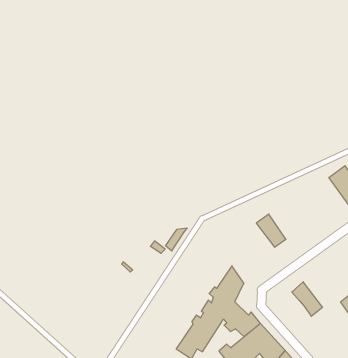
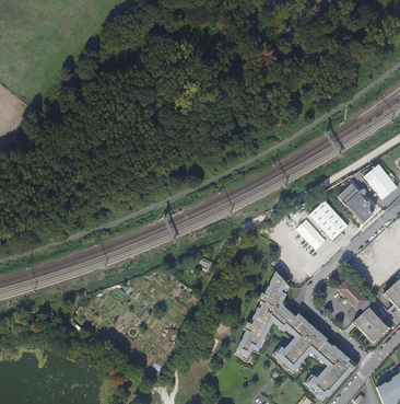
building: none -> [336,182,373,223]
building: none -> [308,199,346,240]
building: none -> [354,308,387,342]

